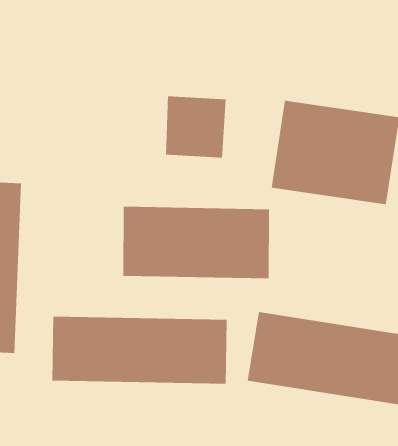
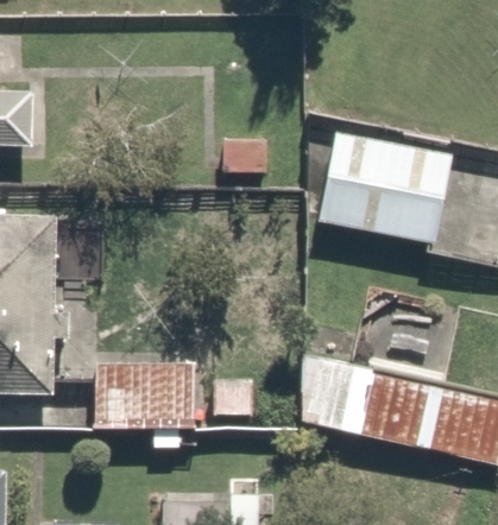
building: [123,206,270,279] -> none

